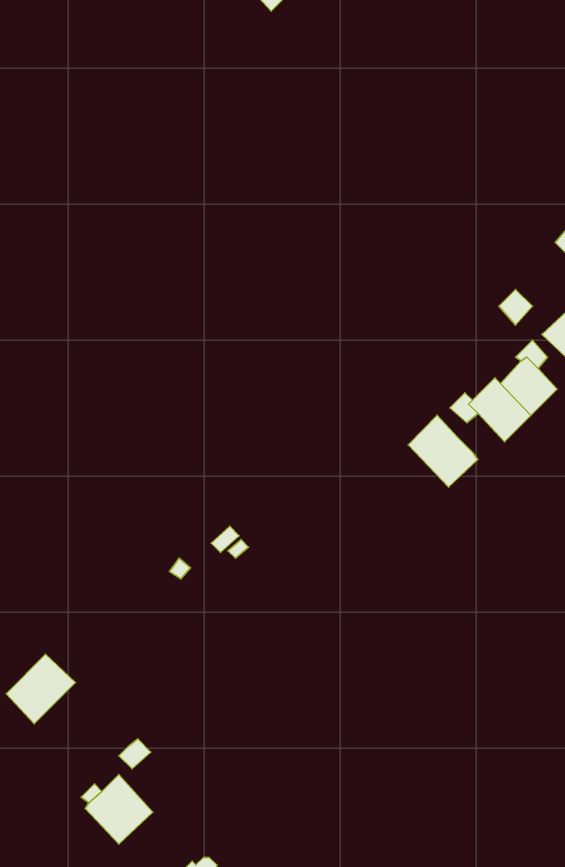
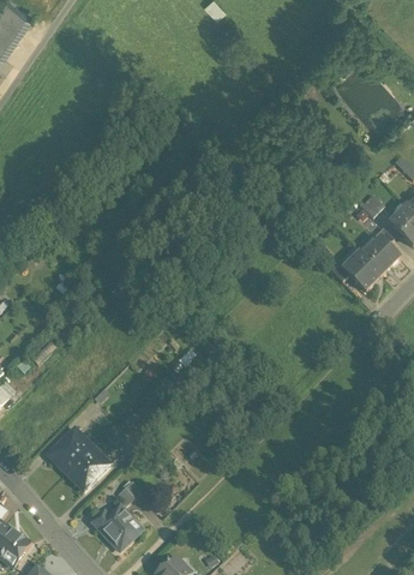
building: [408,415,478,487] -> none
building: none -> [65,447,109,491]

